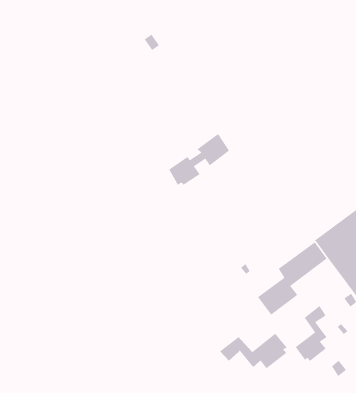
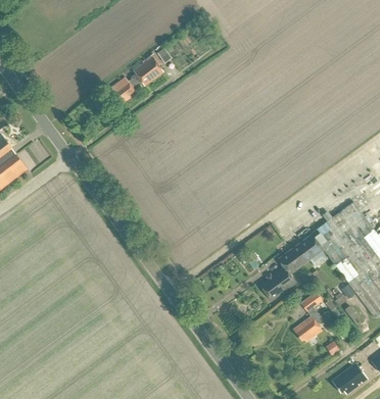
building: [169,133,230,186] -> [107,56,162,103]
building: [219,333,287,369] -> none

